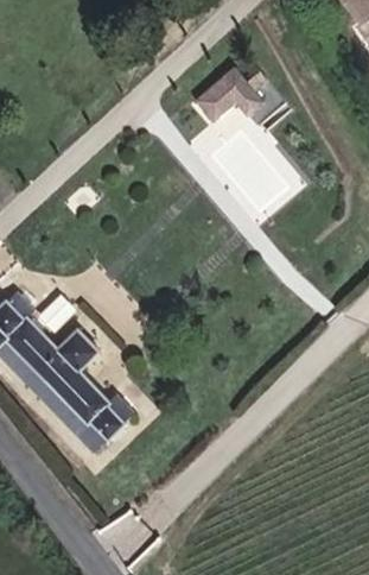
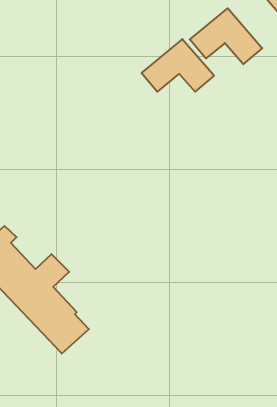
building: none -> [190,8,262,64]

